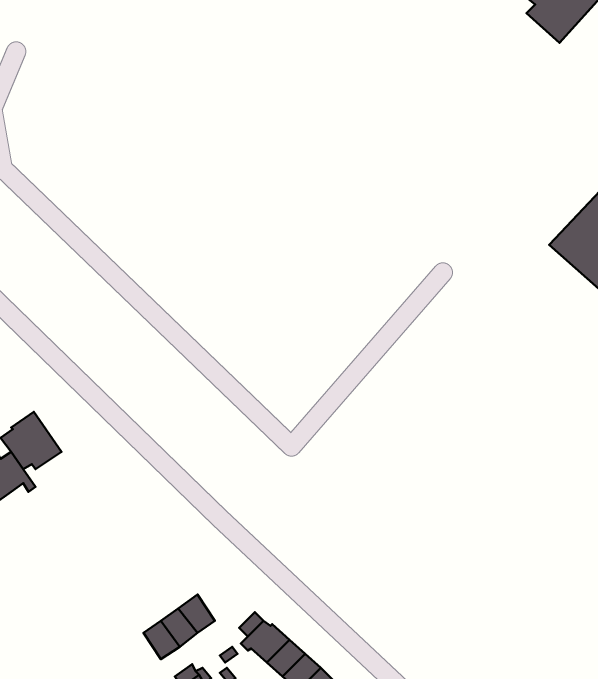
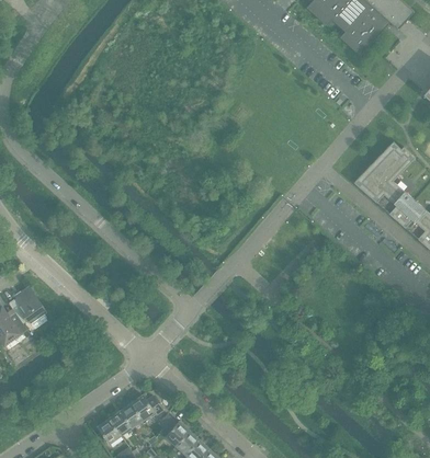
building: none -> [133,396,165,420]

